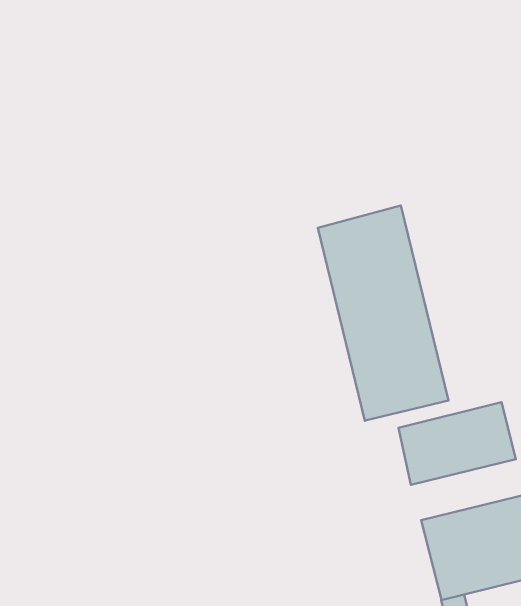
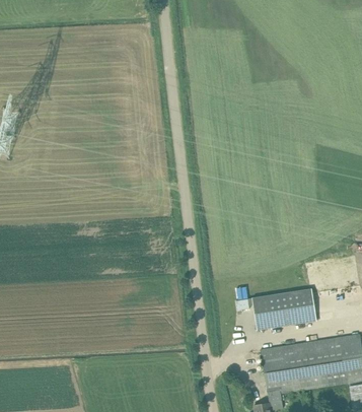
building: [318,206,449,421] -> none

